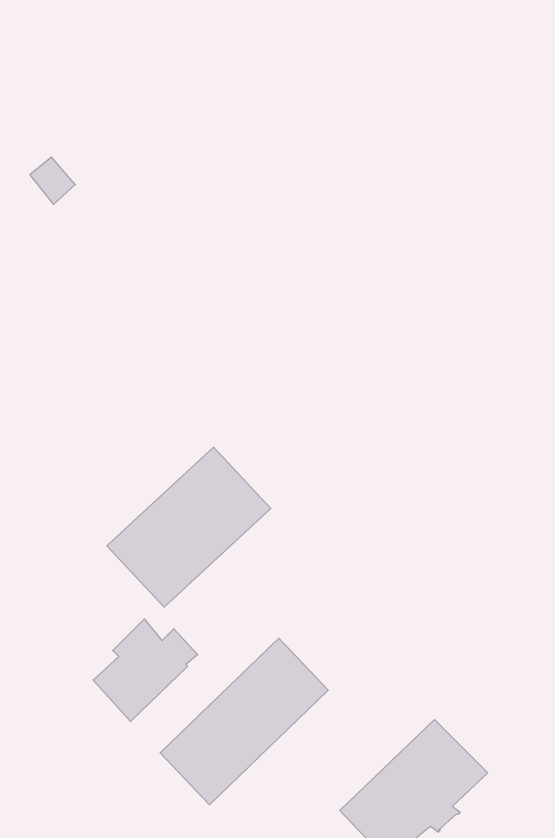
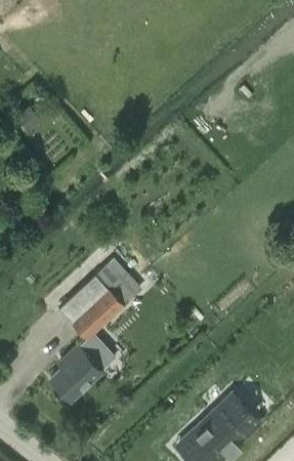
building: [160,638,328,805] -> none

